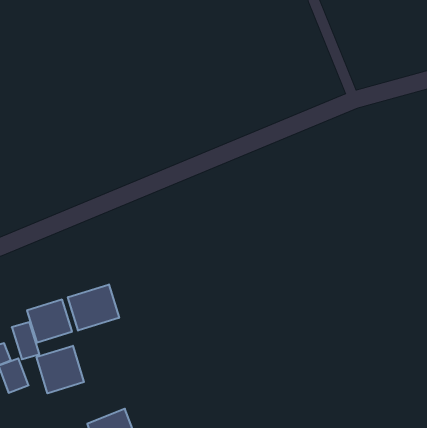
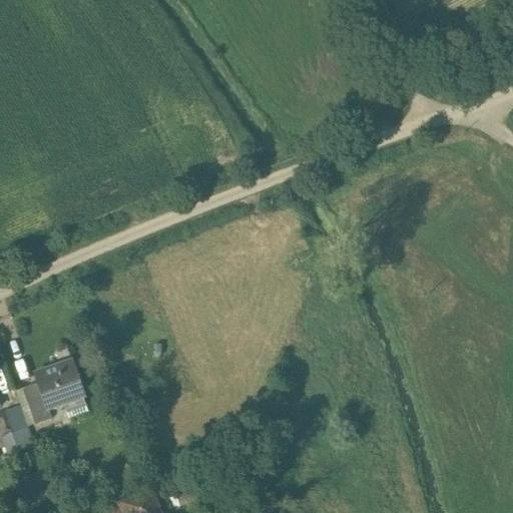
building: [68,284,119,331] -> none
building: [37,346,84,393] -> none

